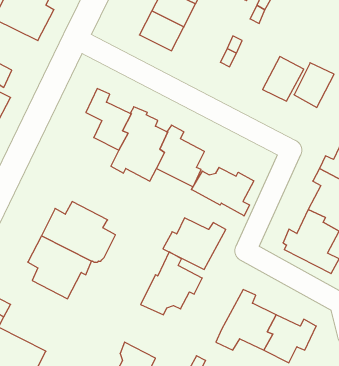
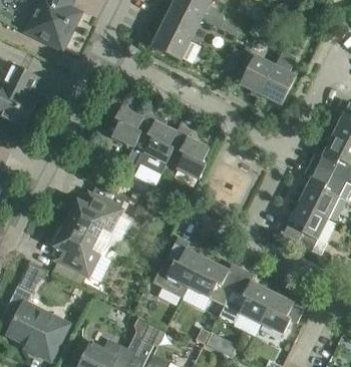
building: [294,63,334,107] -> [240,55,275,94]
building: [191,167,254,216] -> none
building: [163,218,226,269] -> [188,260,243,305]

